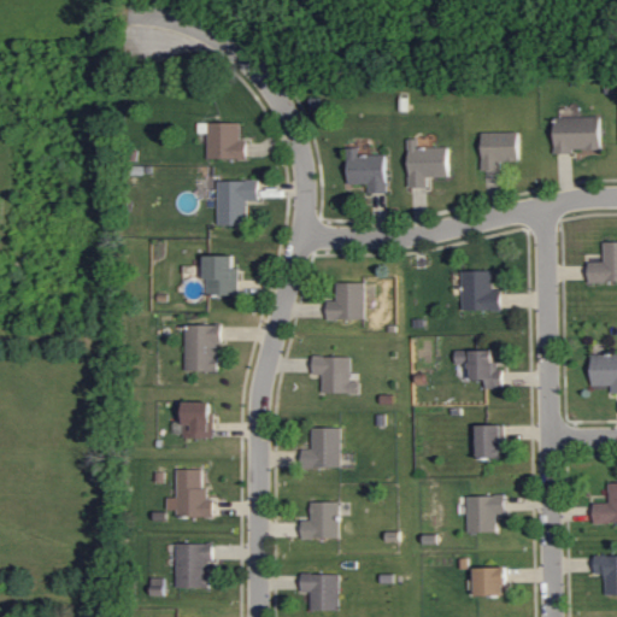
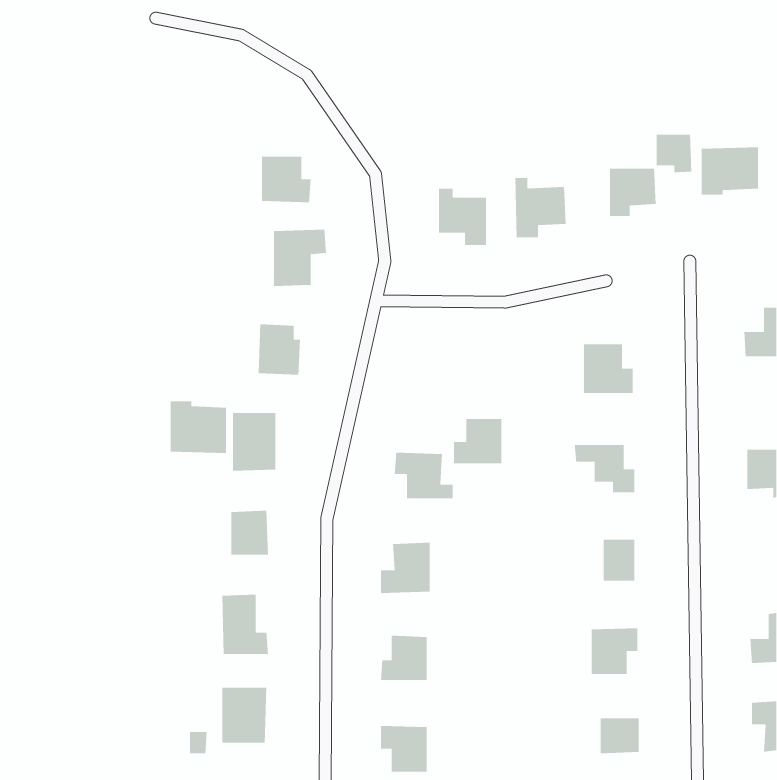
building: none -> [656,134,692,173]
building: [325,283,364,319] -> [453,418,502,464]
building: none -> [170,401,227,454]

